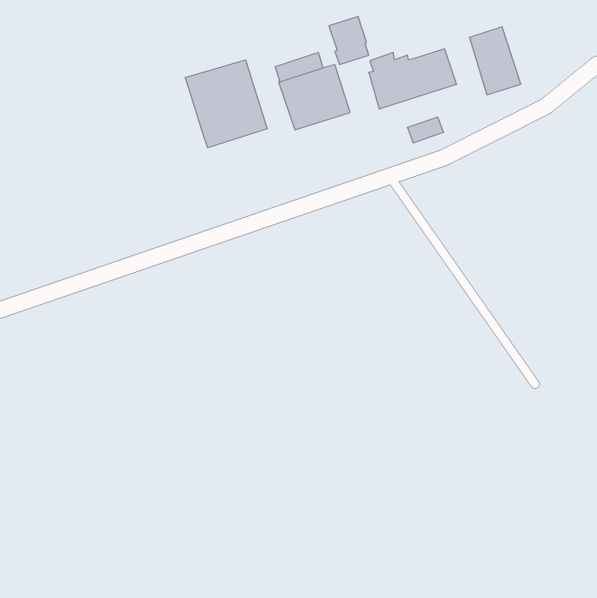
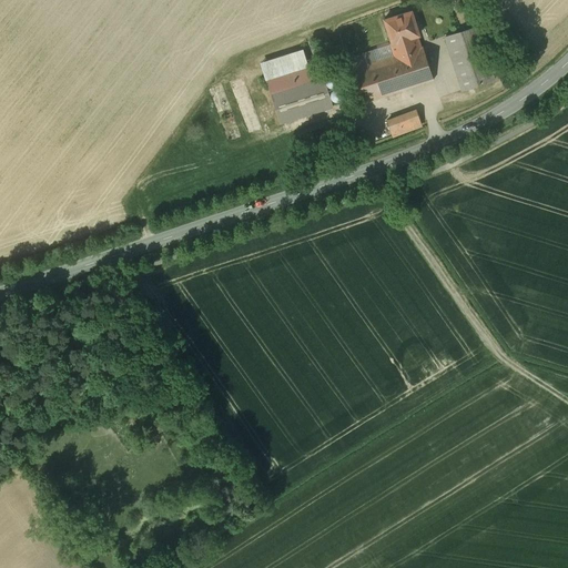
building: [329,17,369,64] -> [383,10,420,55]
building: [185,60,267,148] -> none

